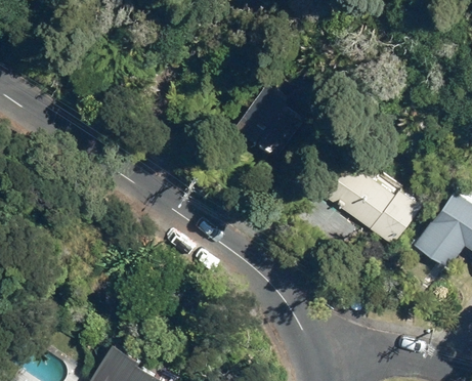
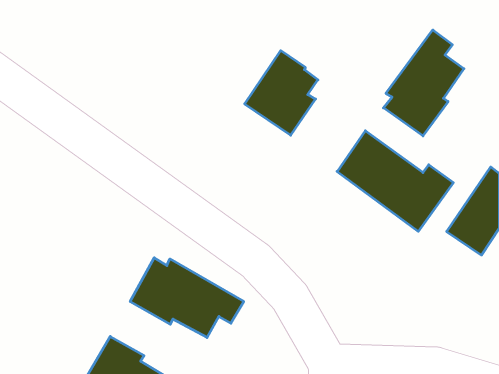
building: none -> [383,30,464,136]
building: none -> [130,258,244,338]

